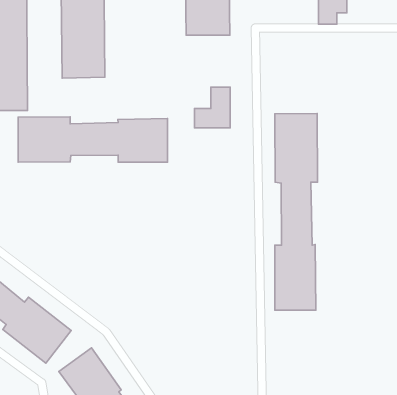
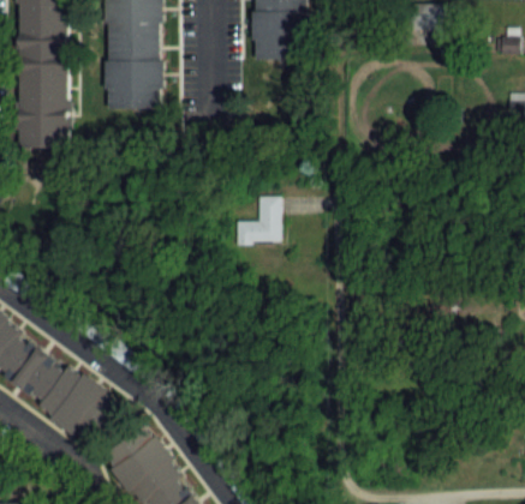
building: [195,87,230,128] -> [238,197,280,245]
building: [275,114,318,310] -> none
building: [18,117,168,162] -> none

